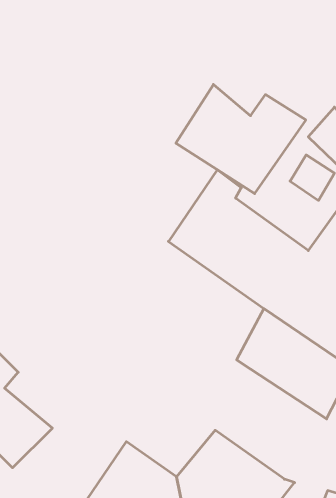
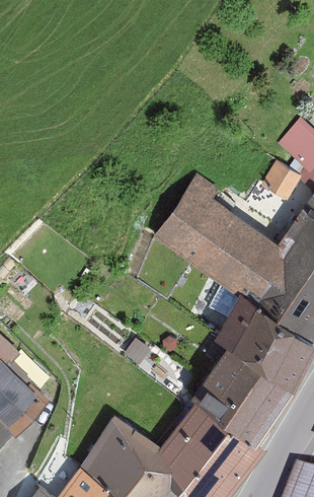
building: [176,84,306,194] -> none
building: none -> [191,351,295,449]

